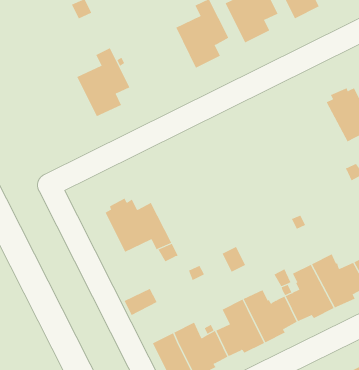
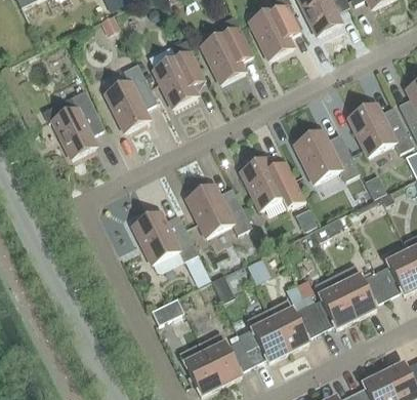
building: none -> [152,39,204,108]
building: none -> [41,90,102,158]
building: none -> [293,129,358,183]
building: none -> [239,156,304,210]
building: none -> [185,184,250,237]

